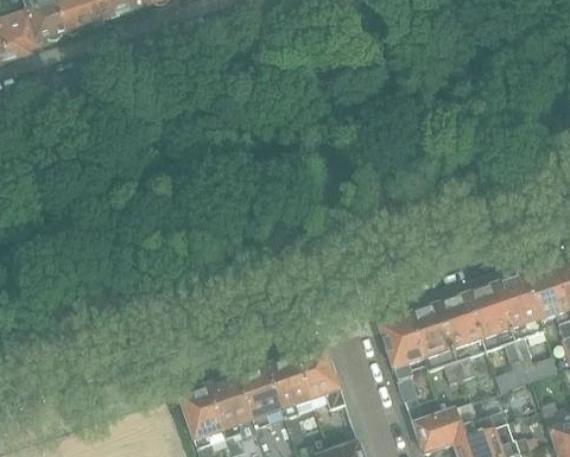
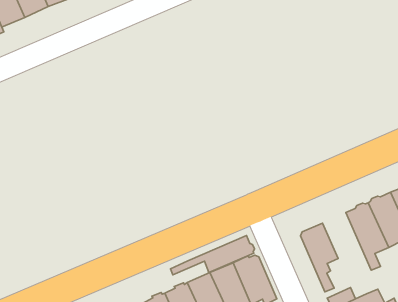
building: [407,305,462,383] -> none
building: none -> [170,235,254,275]

